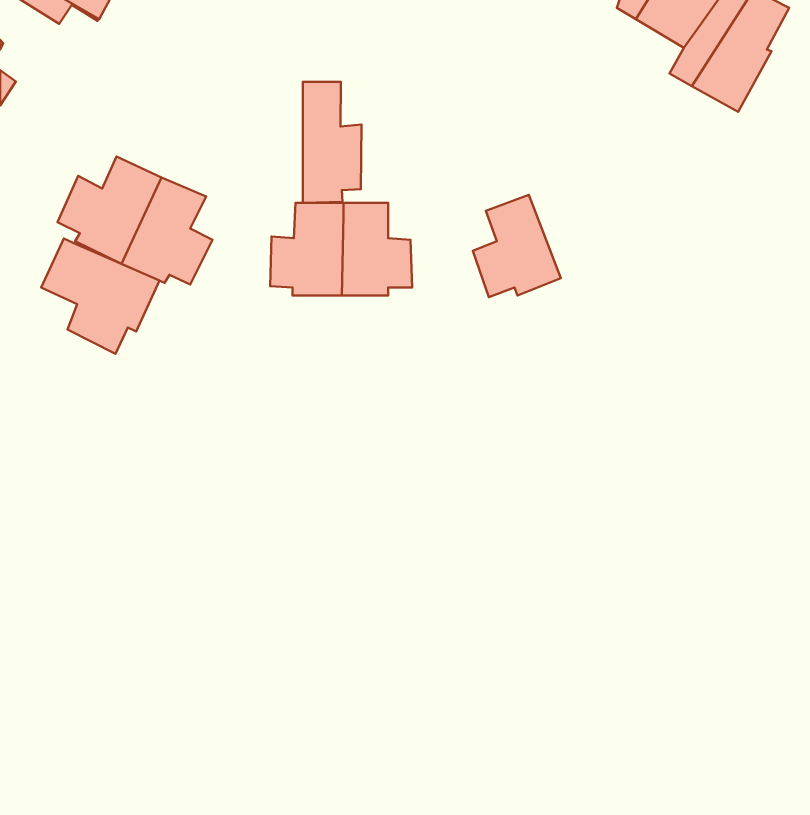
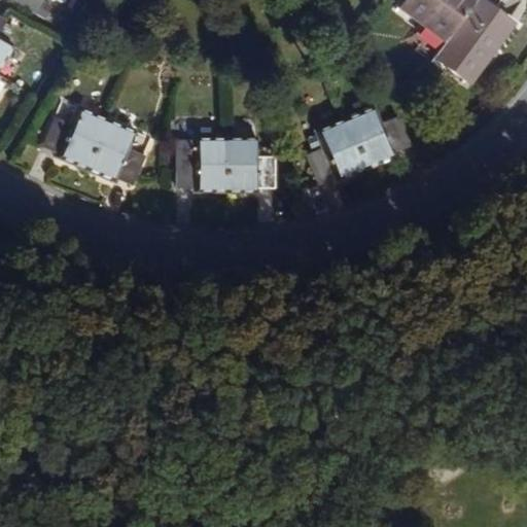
building: [303,82,361,203] -> none
building: none -> [345,115,406,179]
building: [41,238,160,354] -> none

